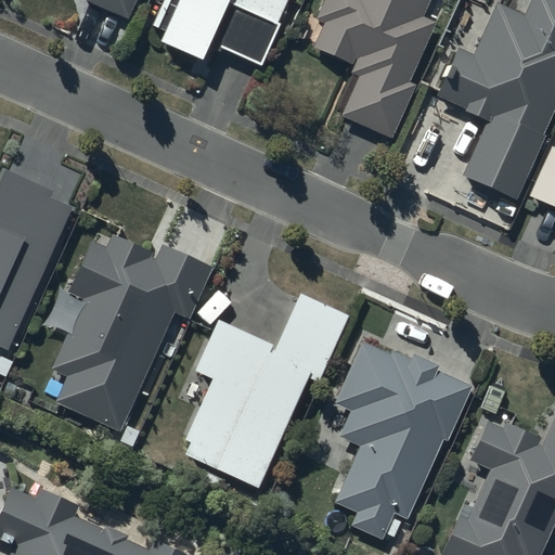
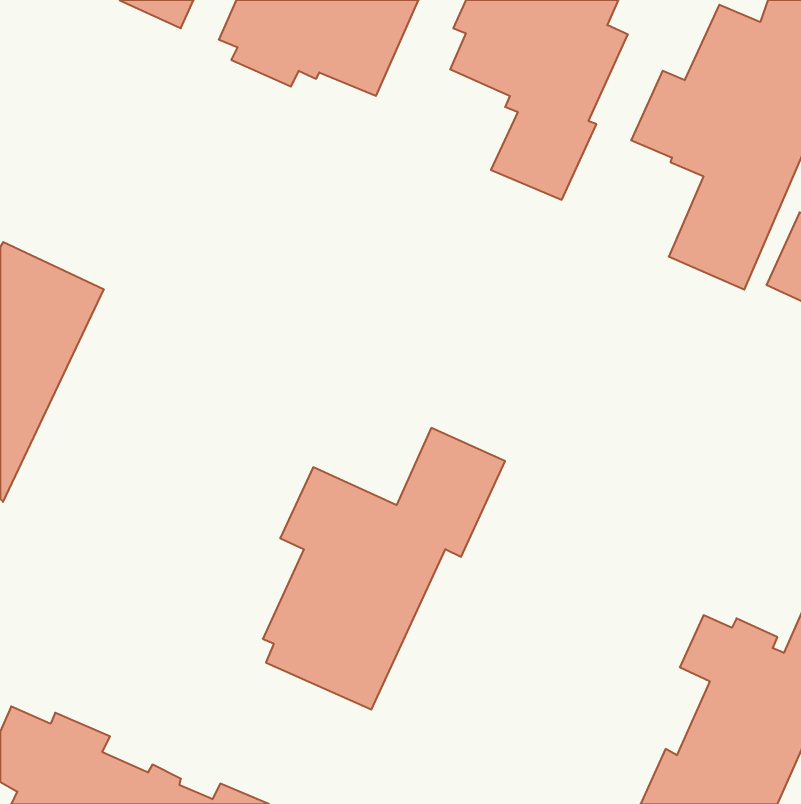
building: [54,235,212,430] -> none
building: [334,343,470,539] -> none

